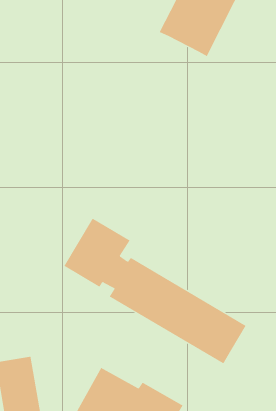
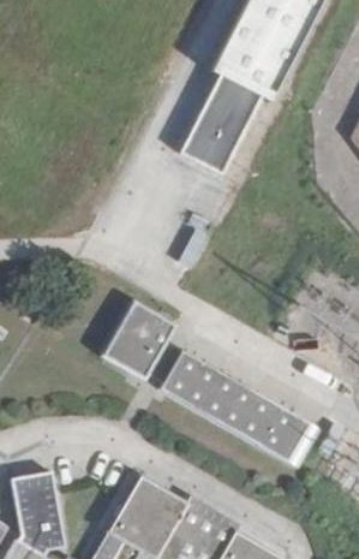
building: none -> [184,75,261,172]

